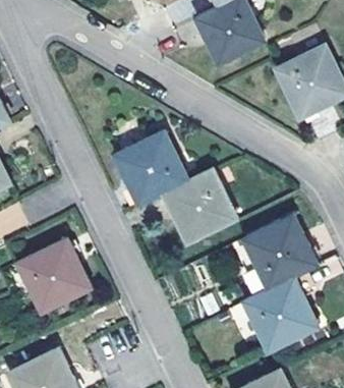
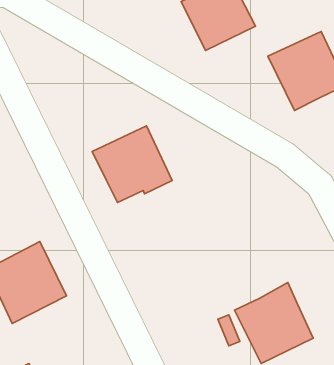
building: [162,170,235,243] -> none
building: [243,215,317,290] -> none

